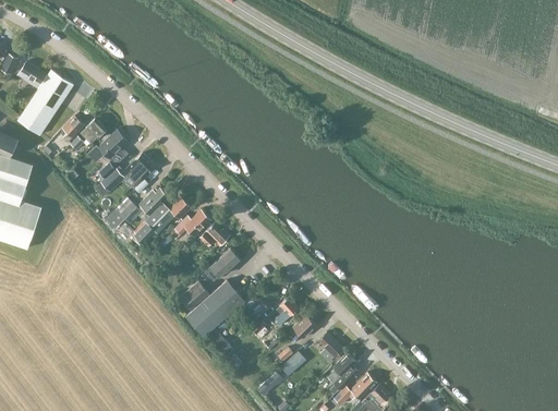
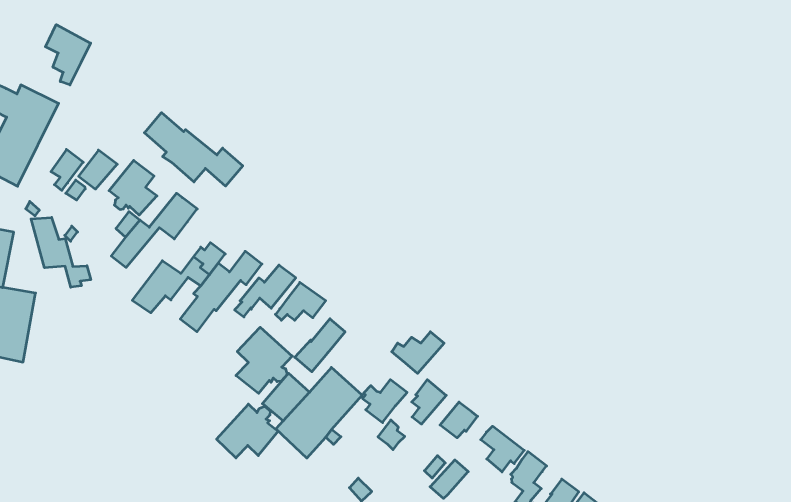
building: none -> [45,25,91,85]
building: none -> [144,113,243,186]
building: none -> [31,217,91,287]
building: none -> [236,327,292,393]
building: none -> [392,332,444,373]
building: none -> [217,404,278,458]

